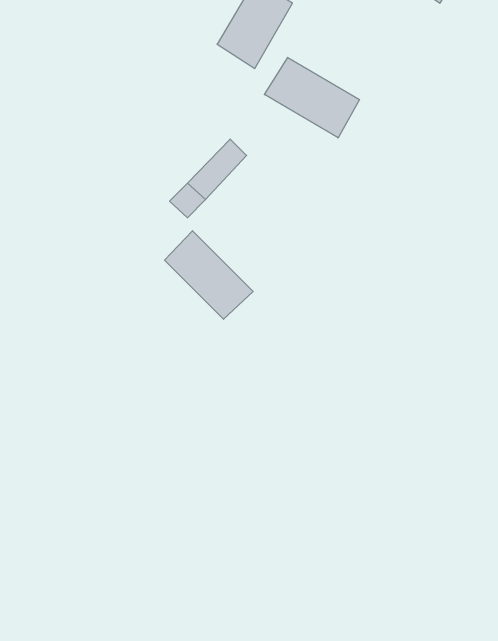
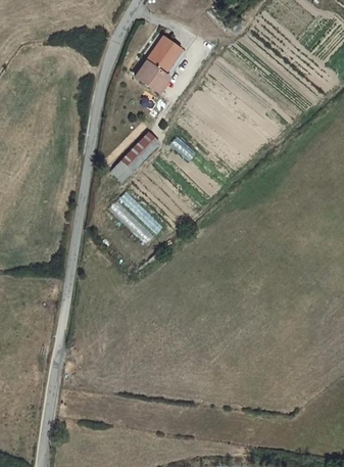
building: [264,57,359,138] -> none

